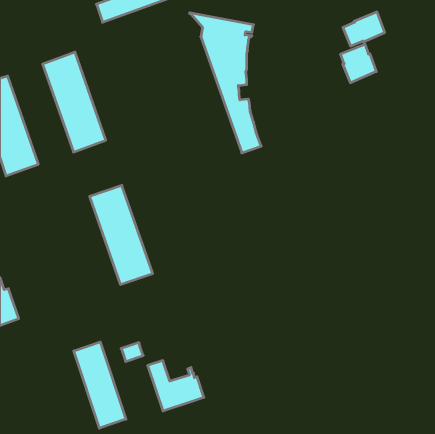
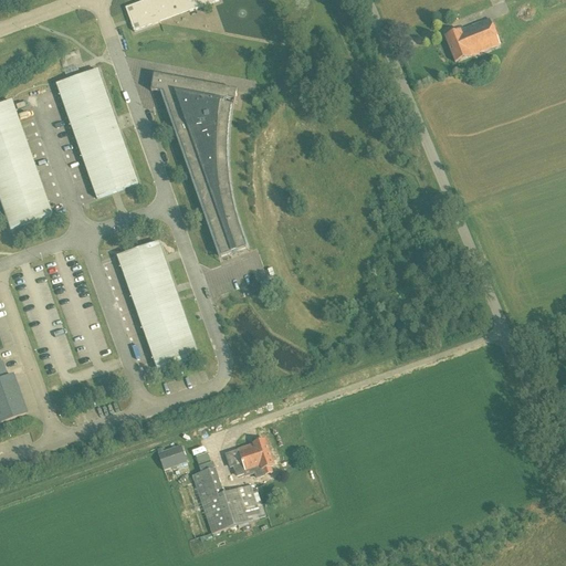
building: [190,13,261,153] -> [153,74,245,255]
building: [341,44,376,83] -> none
building: none -> [237,437,273,473]
building: [74,342,126,428] -> none

